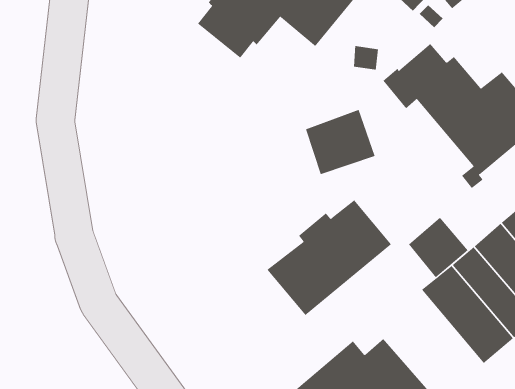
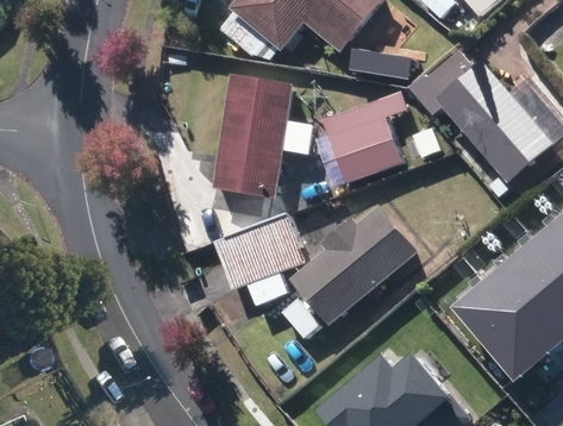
building: none -> [212,79,313,201]
building: none -> [214,215,305,292]
building: [408,217,469,278] -> none

